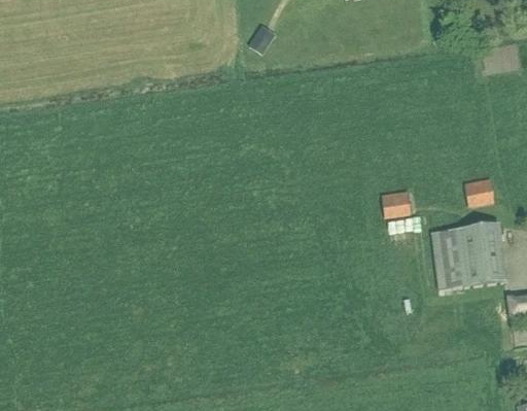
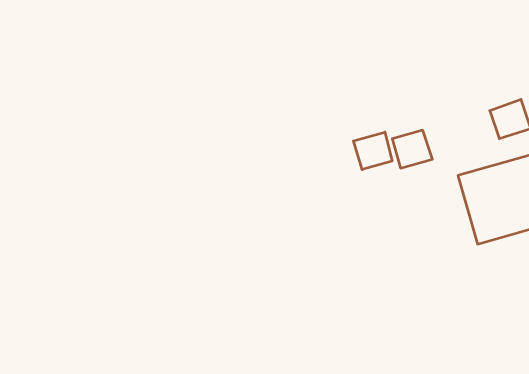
building: none -> [353,132,392,170]

